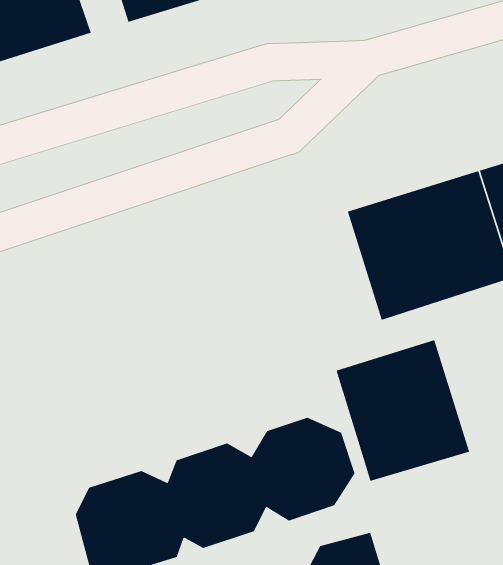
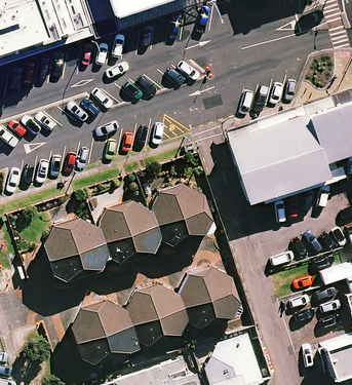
building: none -> [42,183,211,275]
building: [336,339,470,482] -> none

